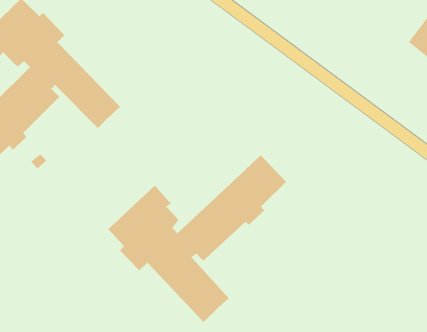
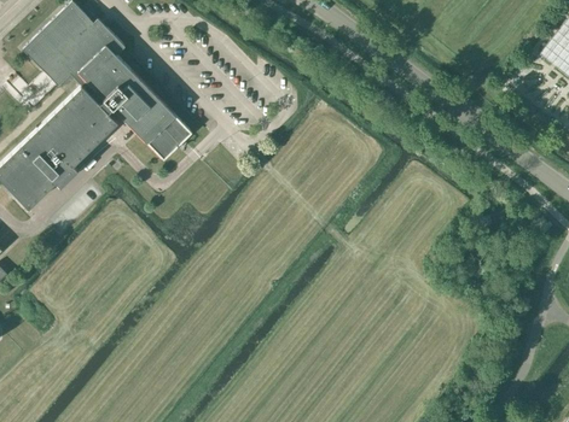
building: [108,155,287,323] -> none

